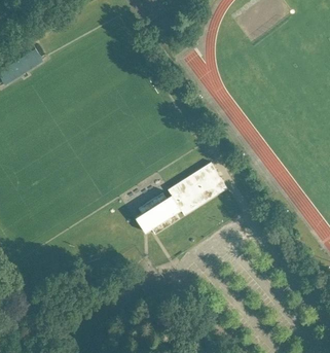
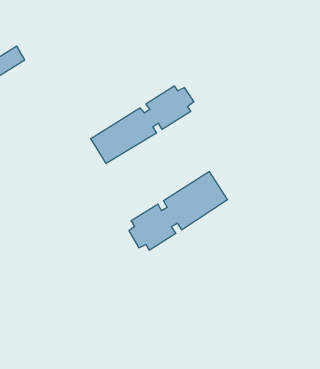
building: none -> [91,86,194,164]

